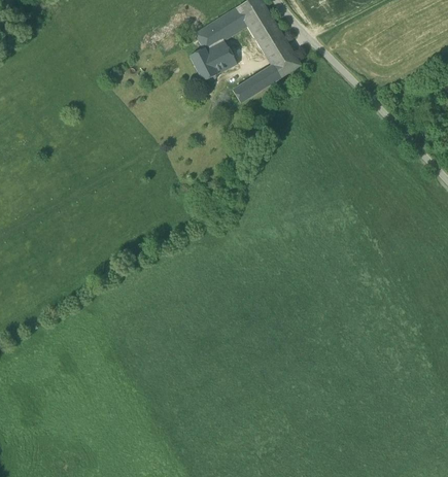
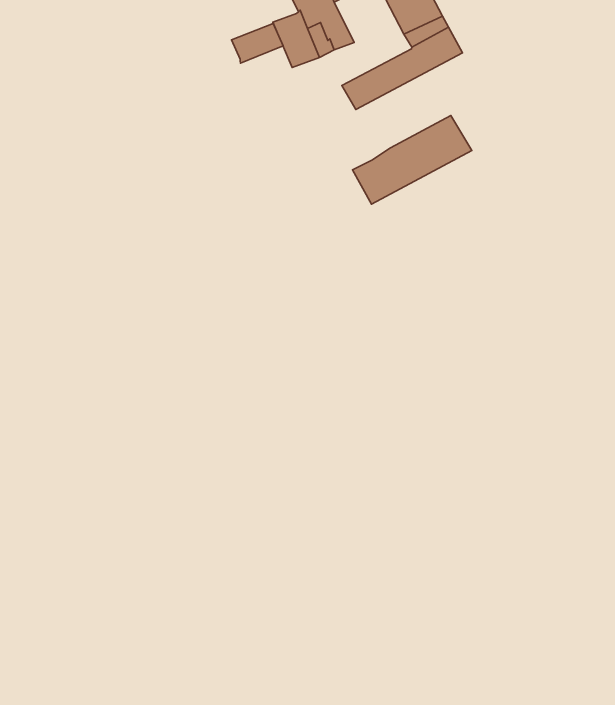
building: none -> [232,24,283,63]
building: none -> [352,116,472,204]

